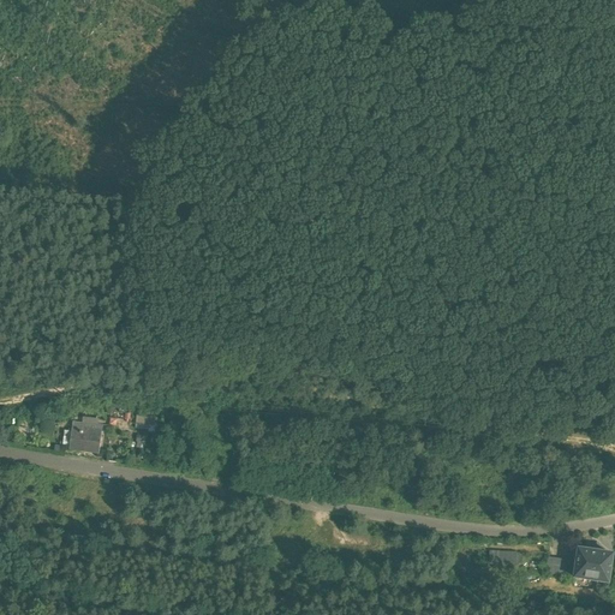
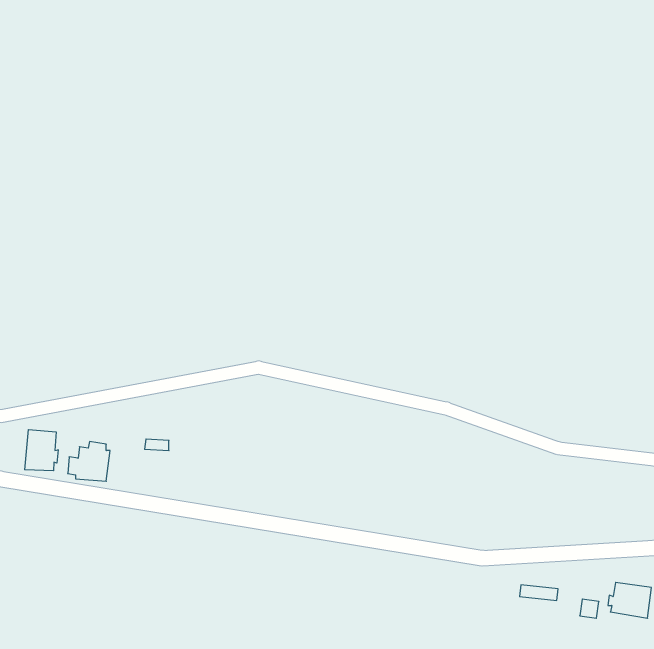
building: none -> [25,430,58,471]

